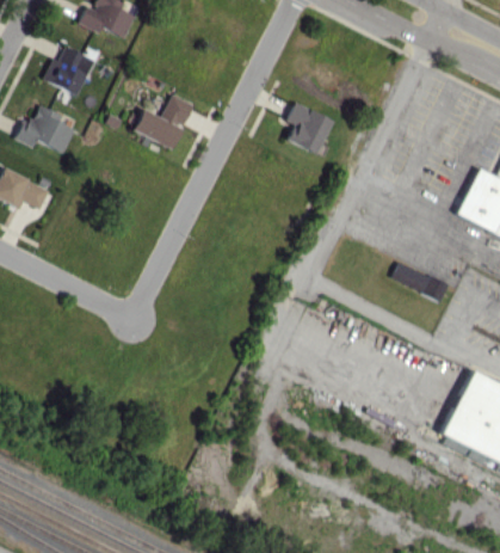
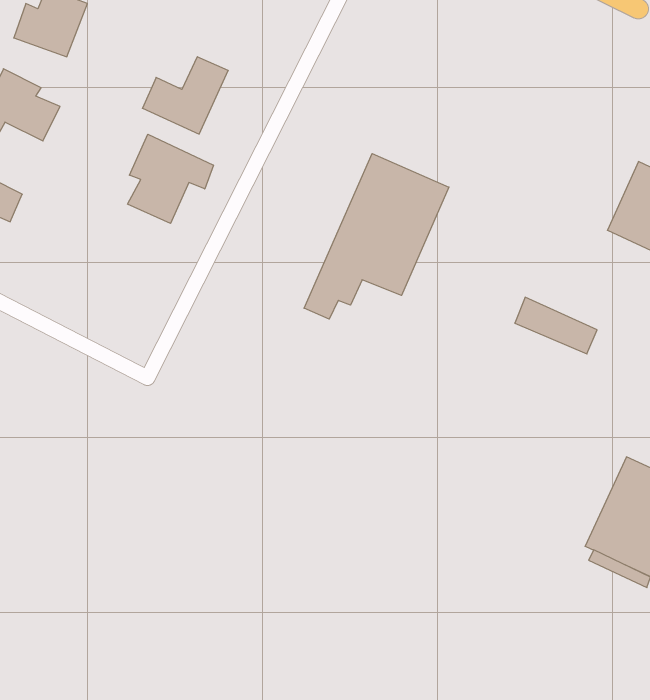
building: [285,103,332,154] -> none
building: none -> [128,134,213,223]
building: none -> [304,154,449,319]

